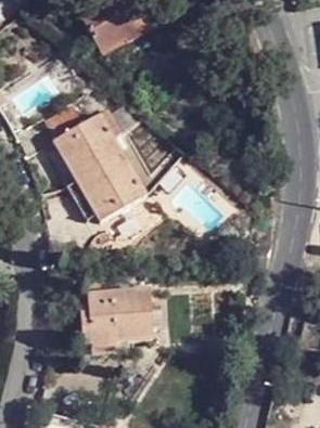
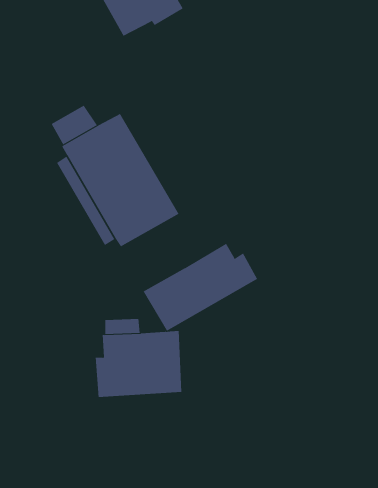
building: none -> [143,243,258,331]

